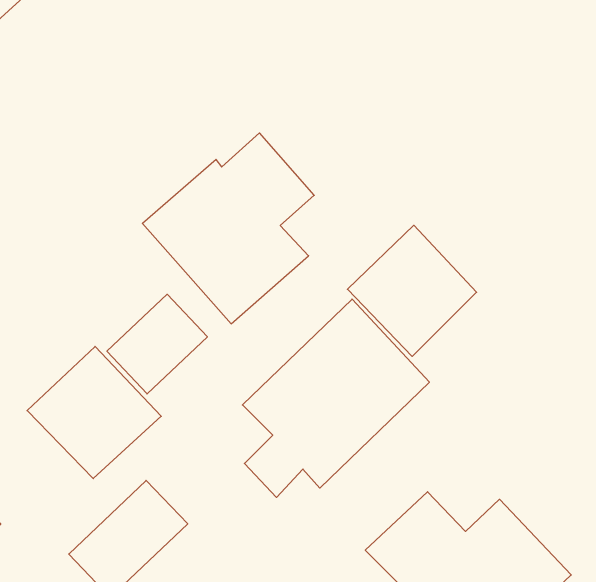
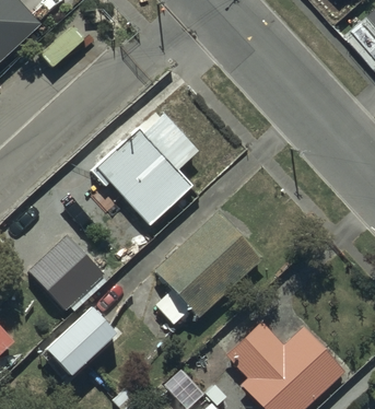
building: [347,225,477,356] -> none
building: [107,294,207,394] -> none

